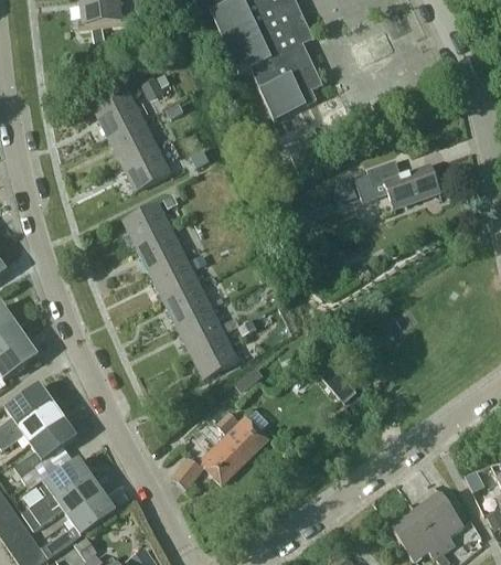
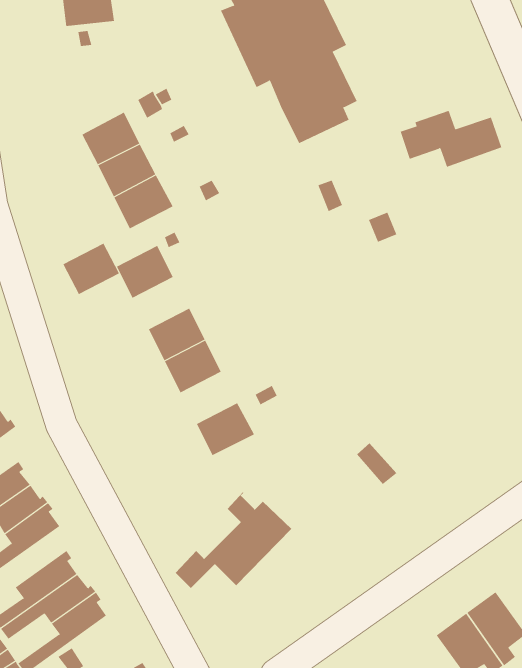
building: [354,160,439,207] -> [400,110,502,167]
building: [136,230,183,273] -> [62,243,120,295]
building: [175,308,223,351] -> none

